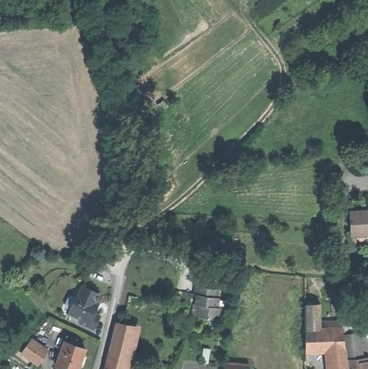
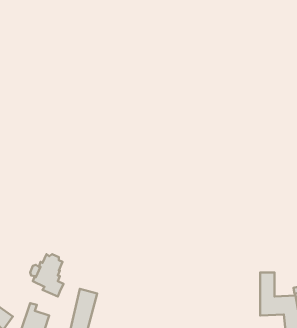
building: [191,285,220,319] -> none

